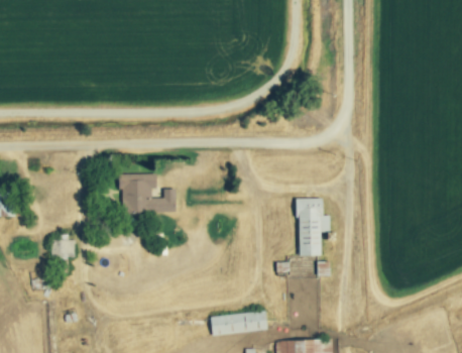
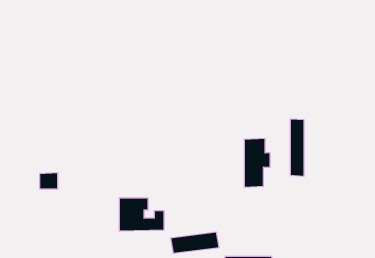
building: [120,173,175,213] -> [119,198,164,231]
building: none -> [291,119,304,176]

